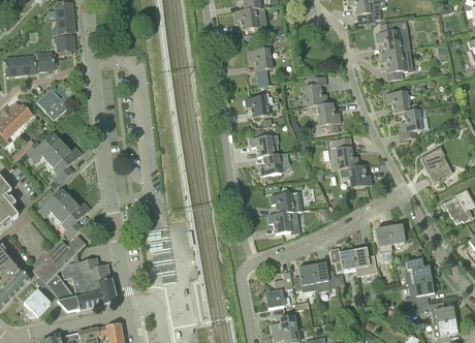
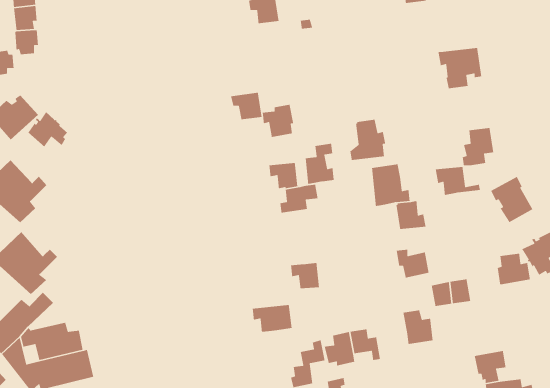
building: [377,21,411,51] -> none
building: [249,48,274,69] -> [230,92,262,120]
building: [305,74,332,106] -> [305,143,341,185]
building: [386,90,421,113] -> [435,166,481,196]
building: none -> [27,111,68,147]
building: [271,191,302,213] -> [252,304,292,333]
building: [330,248,356,271] -> [396,249,430,279]
building: [405,258,431,283] -> [497,253,531,285]

